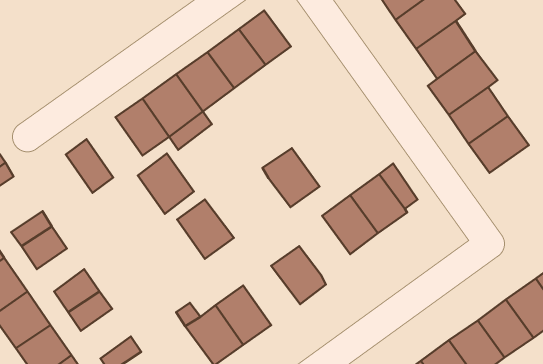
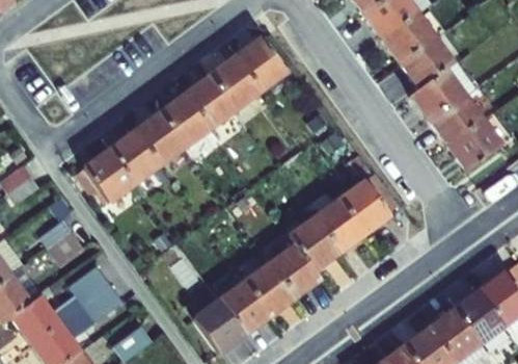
building: [263,148,320,207] -> [287,220,337,274]
building: [138,153,194,214] -> [102,132,152,186]
building: [177,200,234,259] -> [242,265,293,318]

